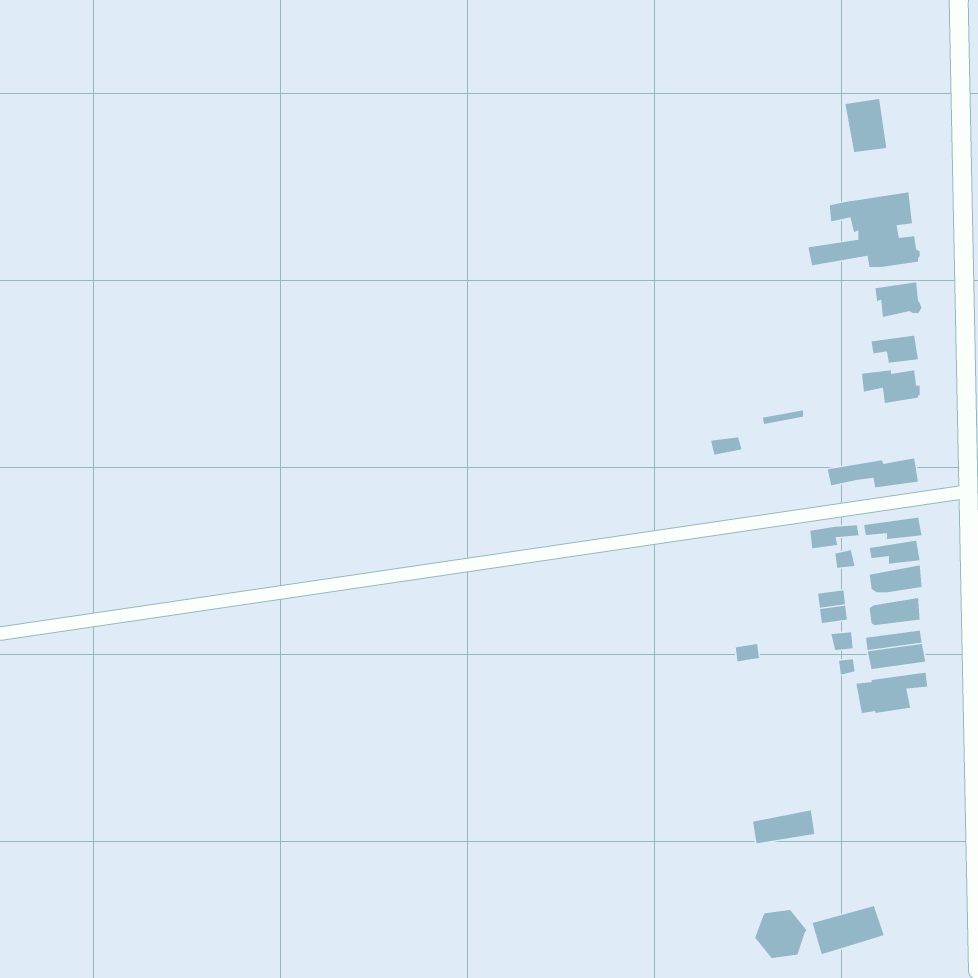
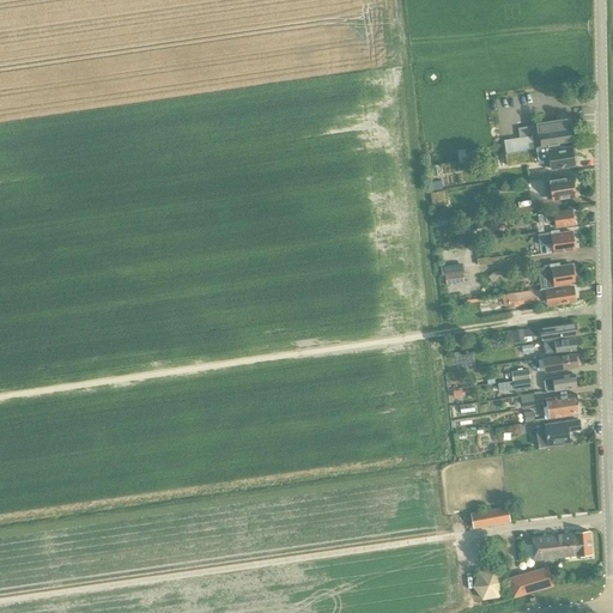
building: [844,98,887,153] -> none
building: none -> [544,263,577,287]
building: none -> [532,532,591,560]

